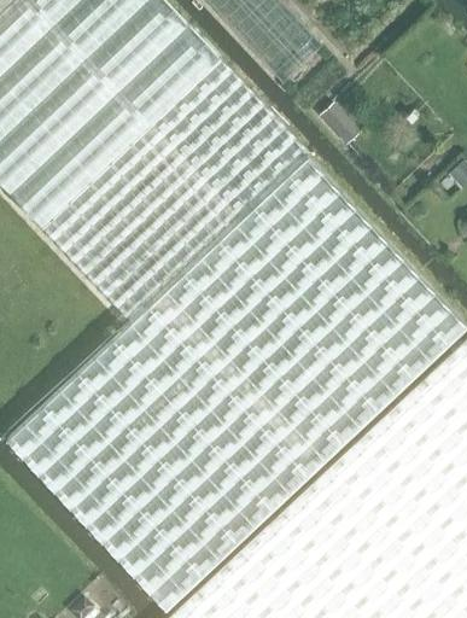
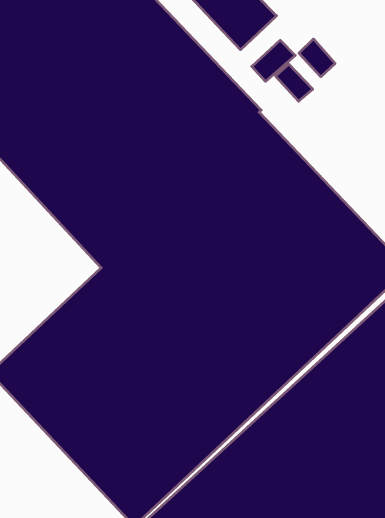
building: none -> [299,39,335,77]
building: none -> [252,40,295,81]

